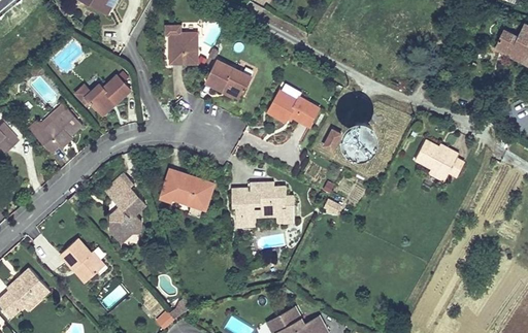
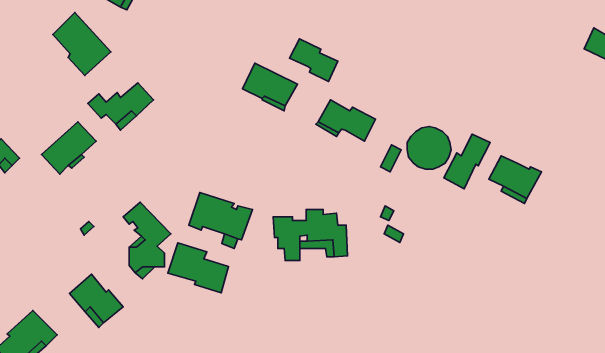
building: none -> [53,13,111,75]
building: [166,27,197,63] -> none
building: none -> [289,39,338,81]
building: none -> [444,134,490,189]
building: none -> [168,243,229,293]

